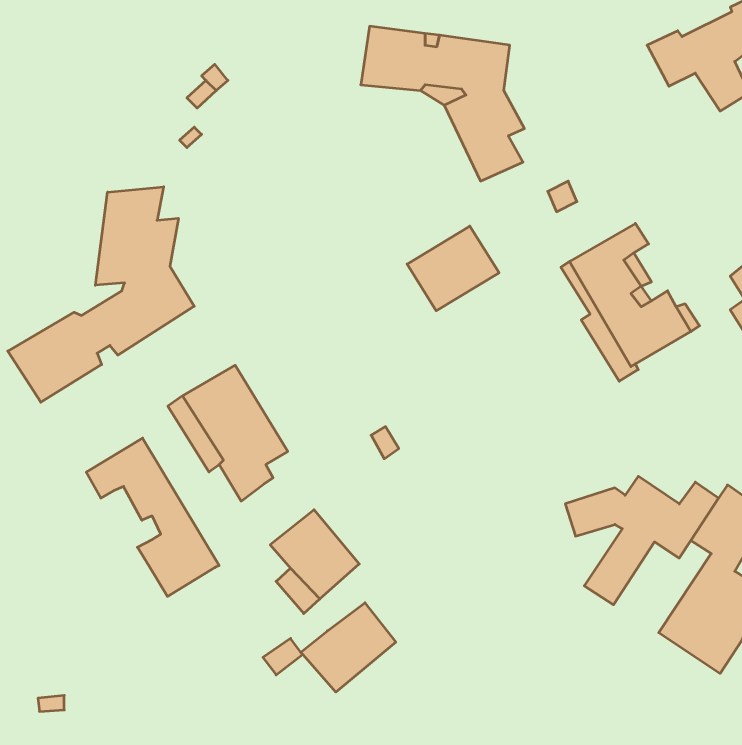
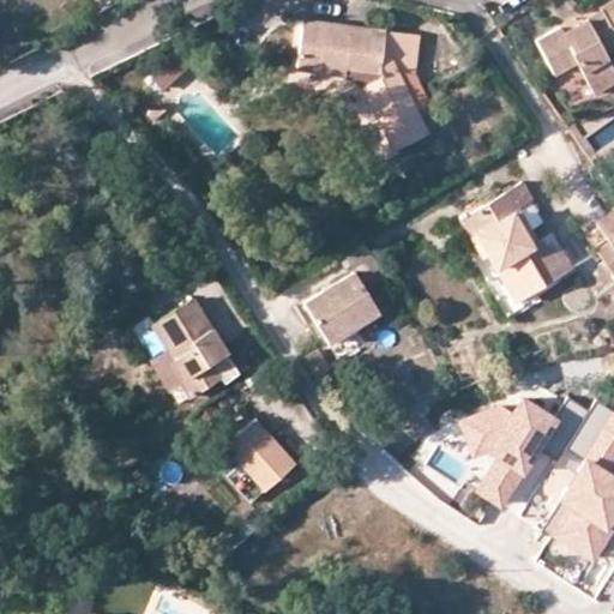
building: [8,187,194,402] -> none
building: [407,226,499,311] -> [307,275,383,344]
building: [86,438,219,596] -> none
building: [301,603,396,692] -> none

